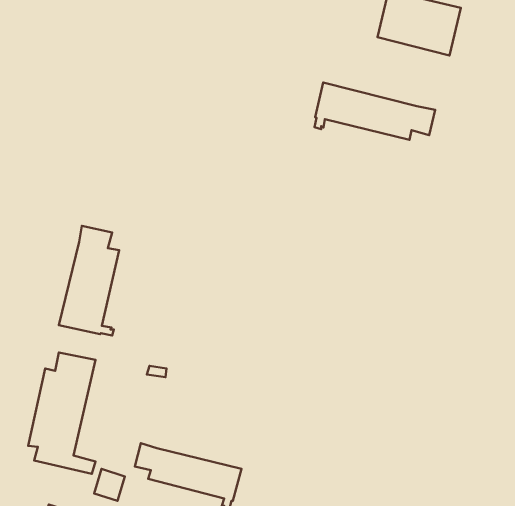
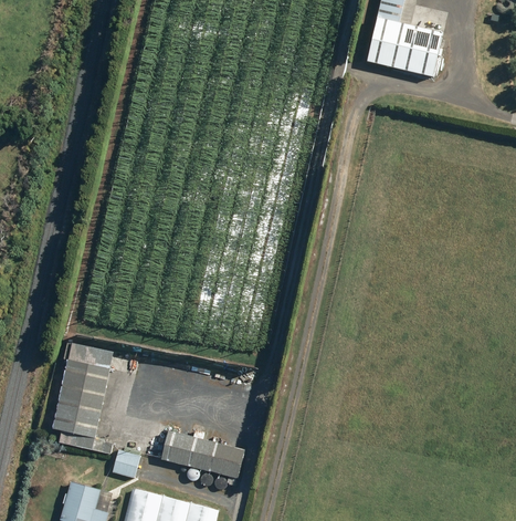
building: [315,82,435,140] -> none
building: [59,226,119,336] -> none

